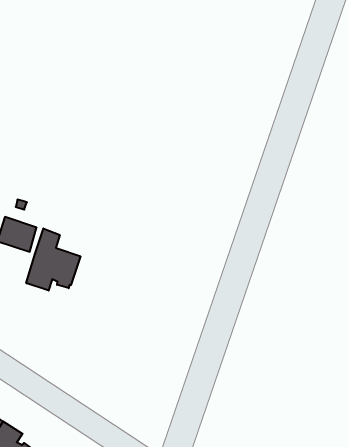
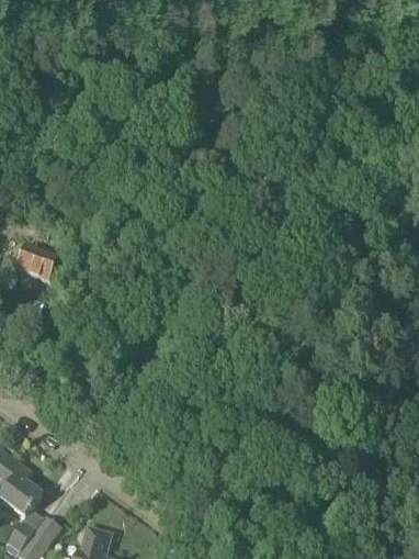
building: [26,228,80,291] -> none

